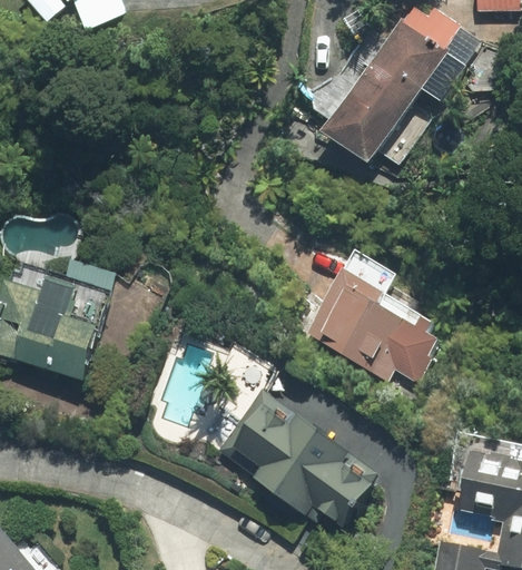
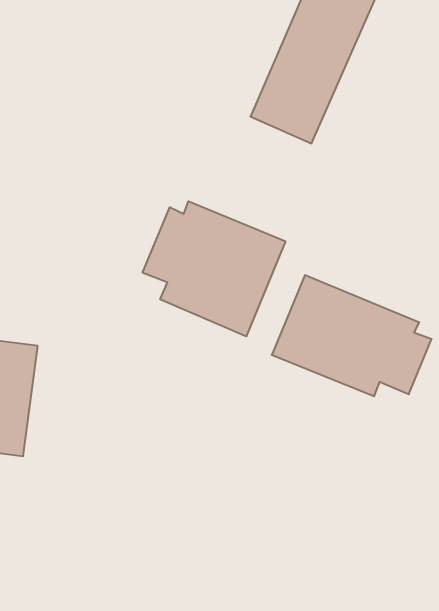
building: none -> [143,201,285,336]
building: [216,389,378,525] -> none

